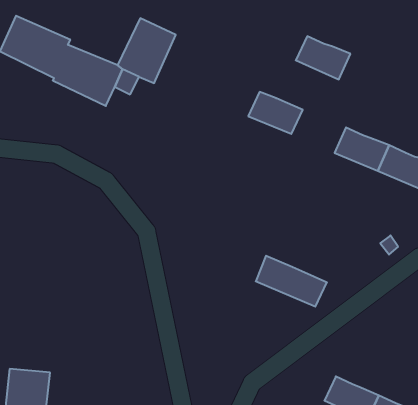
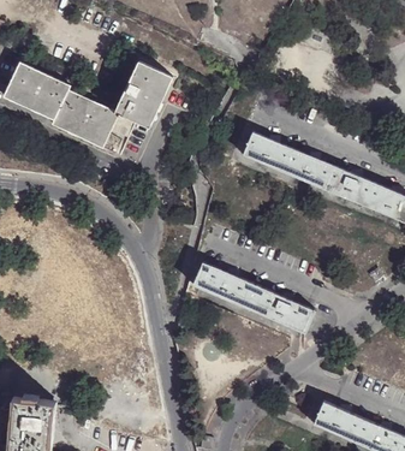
building: [296,36,350,79] -> [279,148,330,189]
building: none -> [189,262,255,310]

